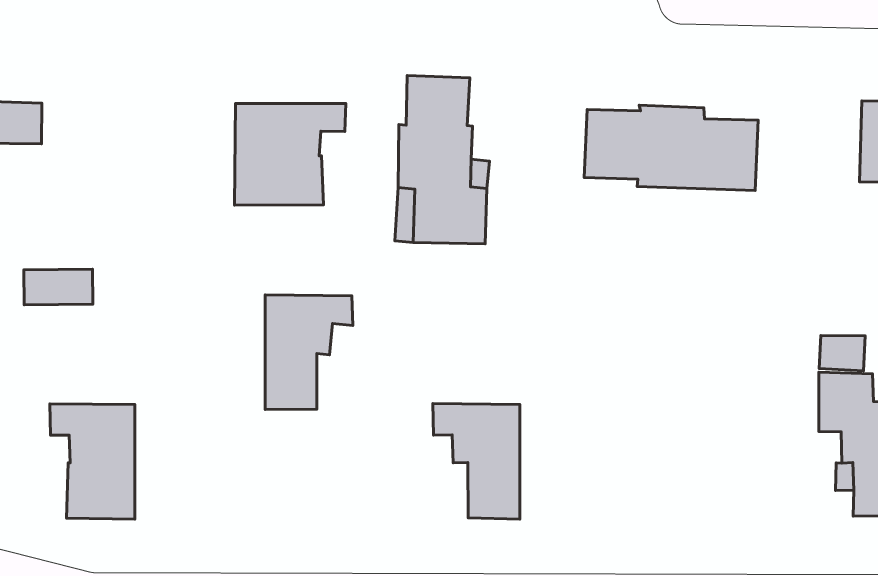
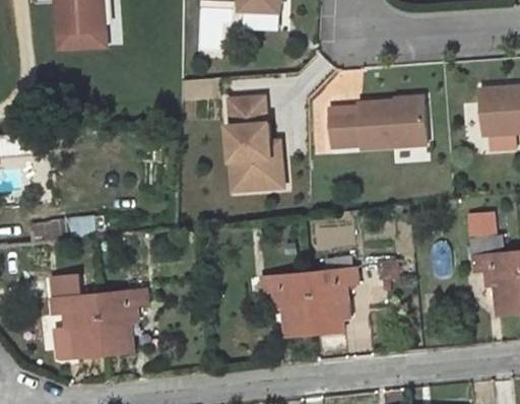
building: [235,103,346,205] -> none
building: [265,295,353,410] -> [98,288,147,355]
building: none -> [309,267,359,335]

